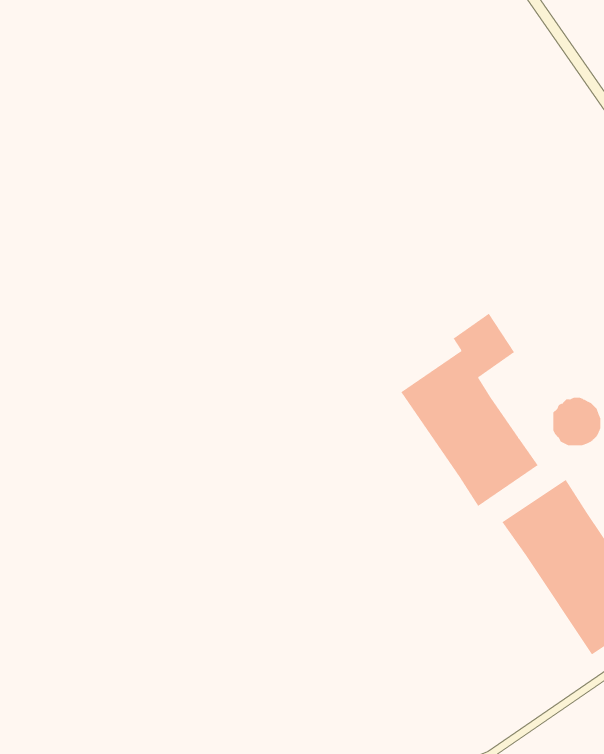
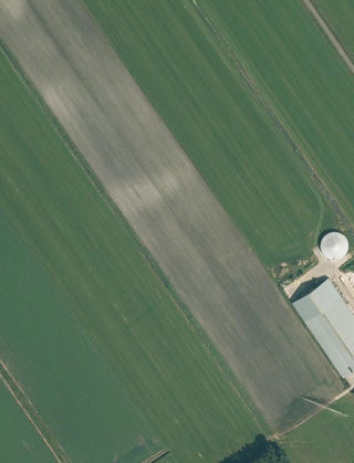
building: [400,313,539,507] -> none

